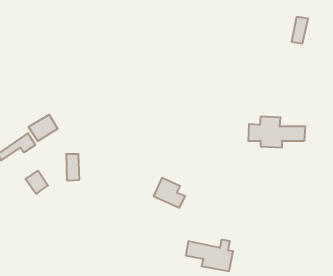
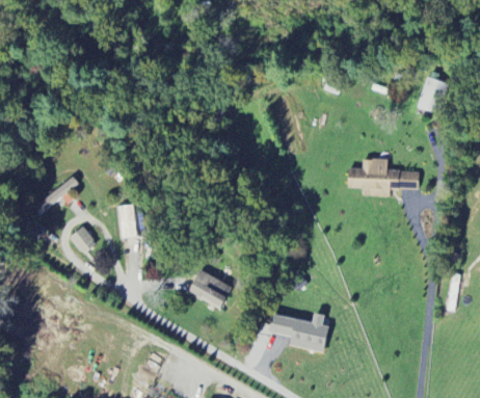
building: [292,17,308,44] -> [419,77,439,110]
building: [29,115,58,141] -> none
building: [154,178,185,208] -> [188,269,228,307]

